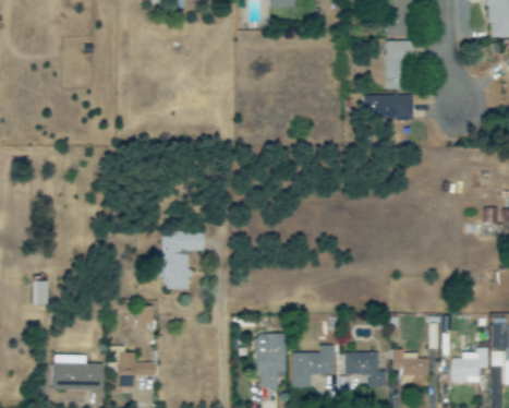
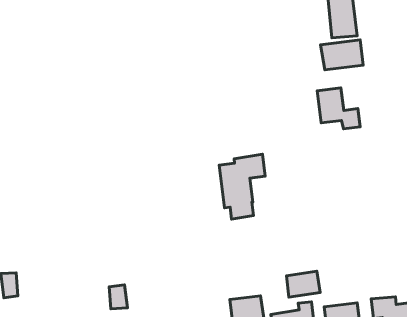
building: none -> [317,88,360,129]
building: [161,230,205,290] -> [219,154,265,219]
building: none -> [286,271,320,297]

